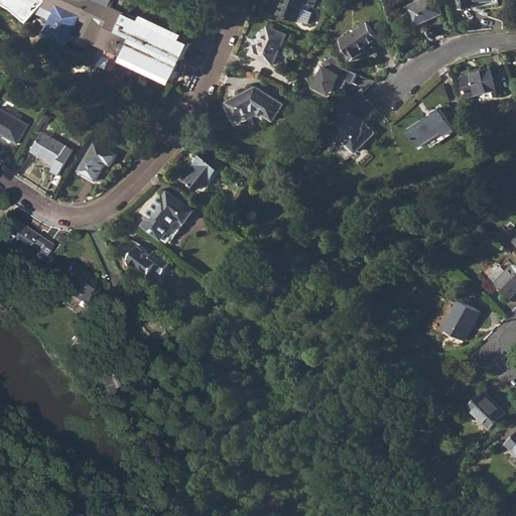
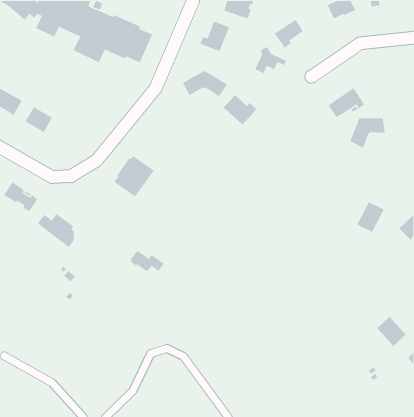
building: [460,68,494,97] -> none
building: [331,113,373,151] -> [223,94,257,125]
building: [77,142,115,179] -> none
building: none -> [349,118,386,149]
building: [180,150,220,189] -> none
building: [124,247,167,275] -> [130,250,165,273]
building: [443,300,479,340] -> [356,201,385,233]

